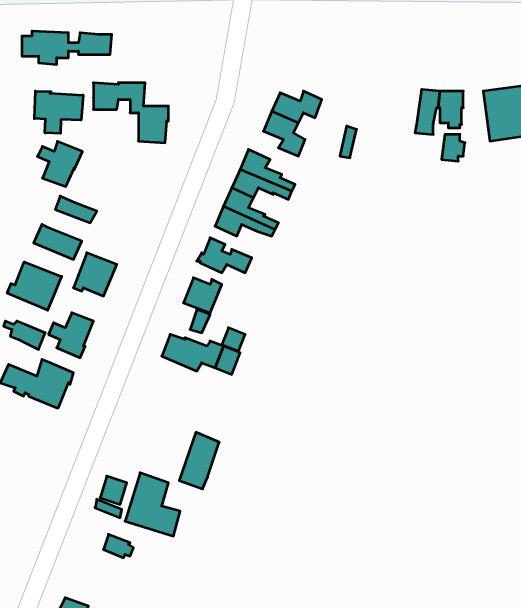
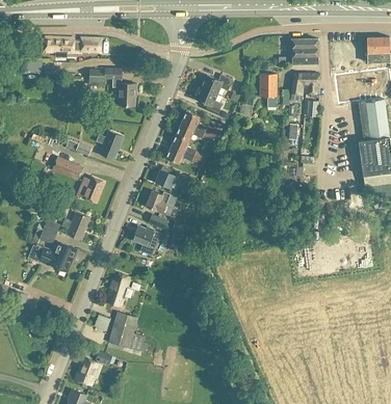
building: none -> [291,38,318,63]
building: [34,91,83,133] -> none
building: none -> [260,74,277,107]
building: [37,141,82,186] -> [96,131,124,159]
building: [7,262,62,310] -> none
building: [179,432,219,489] -> [105,271,130,306]
building: none -> [75,357,101,385]

